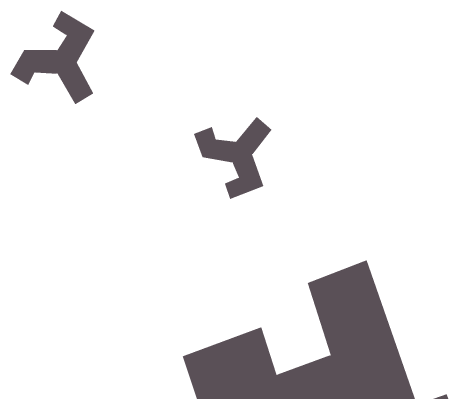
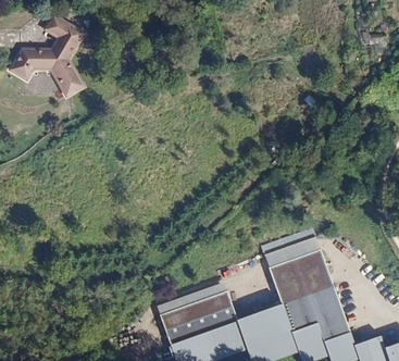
building: [193,116,272,200] -> none

